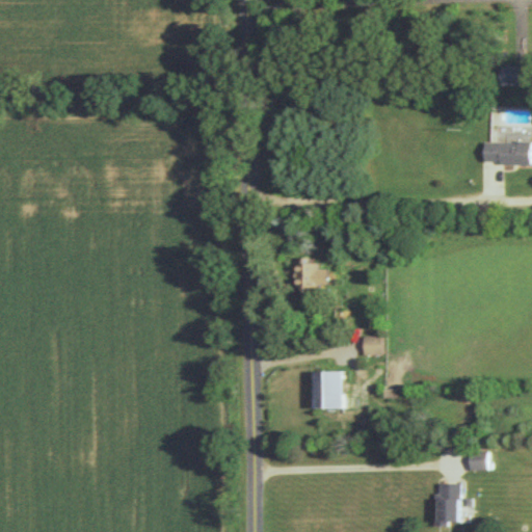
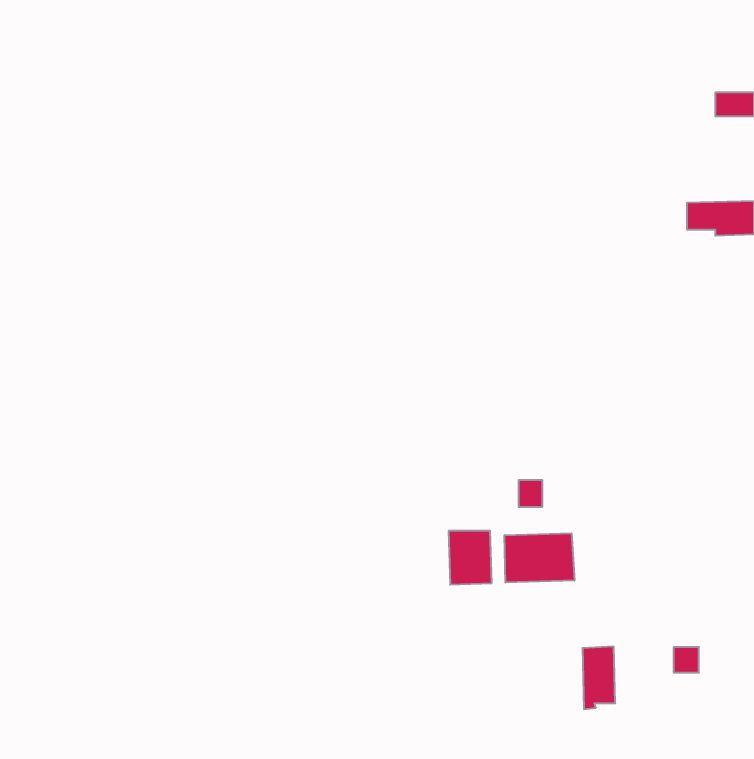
building: [295,264,327,287] -> none
building: none -> [505,533,574,583]
building: [438,483,461,527] -> [582,647,615,709]

